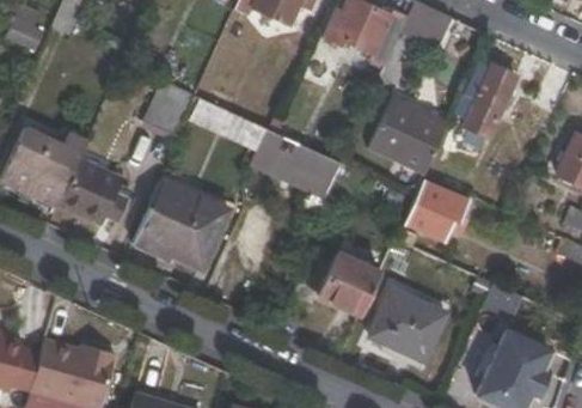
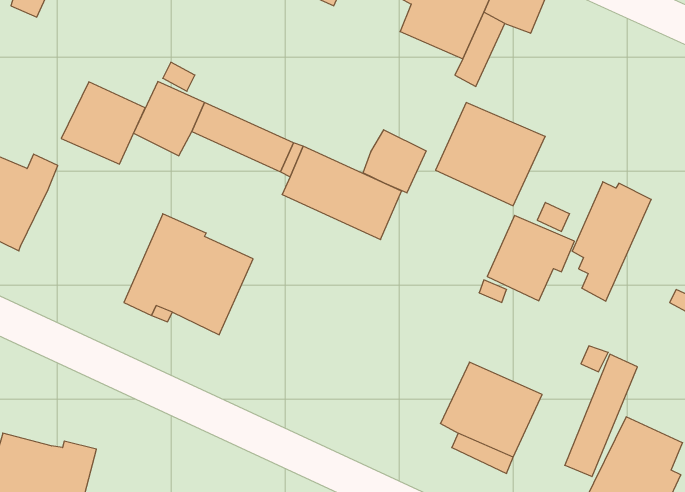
building: [458,62,516,151] -> [572,182,651,301]
building: none -> [363,130,426,193]
building: [60,162,122,223] -> [61,82,145,164]
building: [319,254,380,315] -> none

